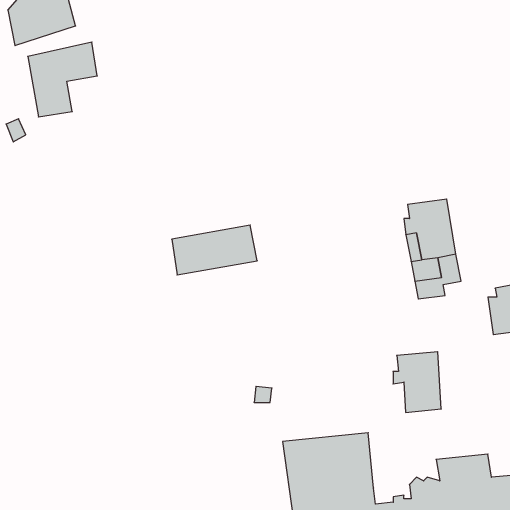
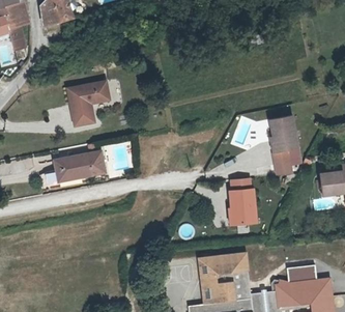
building: [28,42,97,117] -> [65,82,106,125]
building: [172,225,257,275] -> [52,151,102,180]
building: [393,352,441,412] -> [226,189,254,224]

